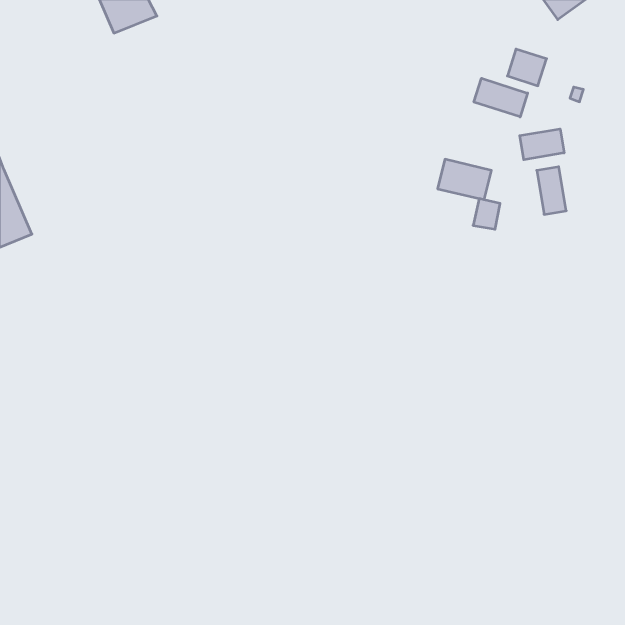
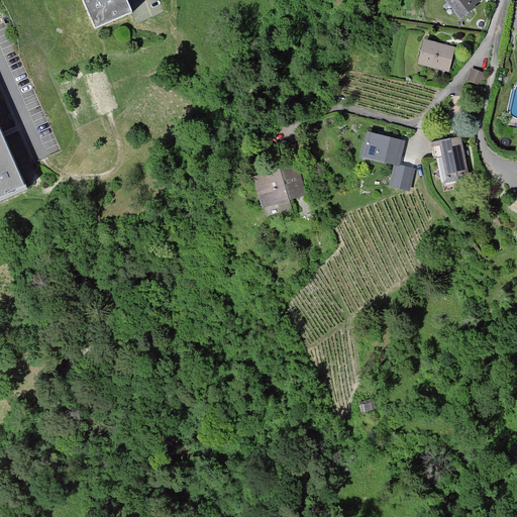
building: [474,78,528,117] -> none
building: [520,129,564,160] -> none
building: none -> [255,166,302,206]

